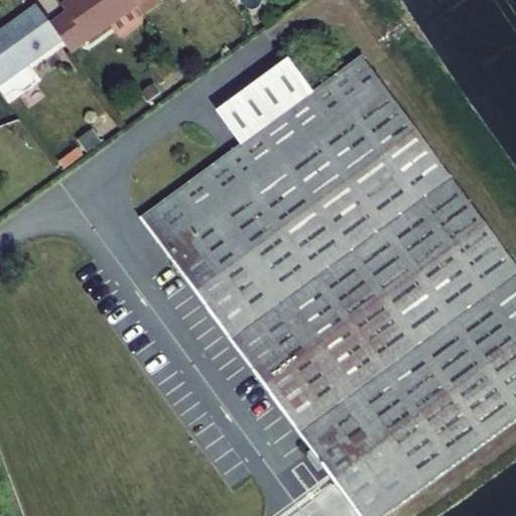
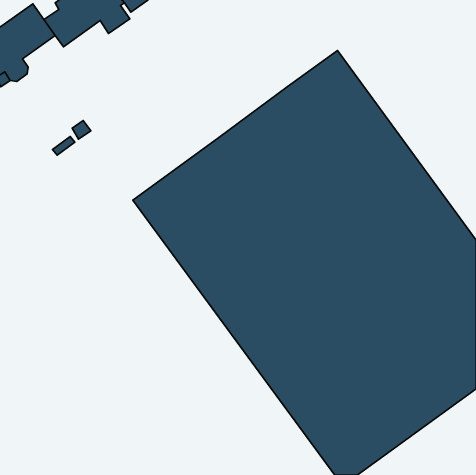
building: [211,59,309,148] -> none

